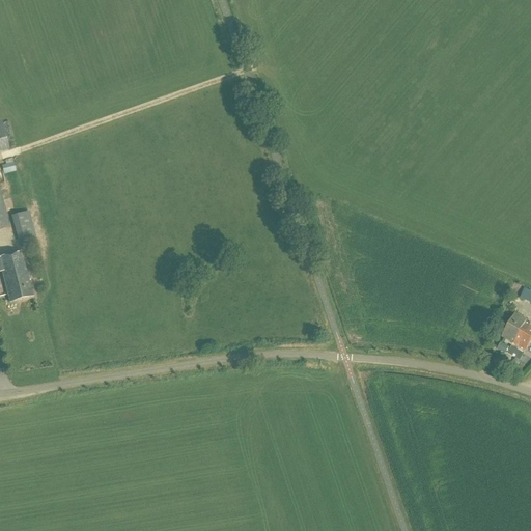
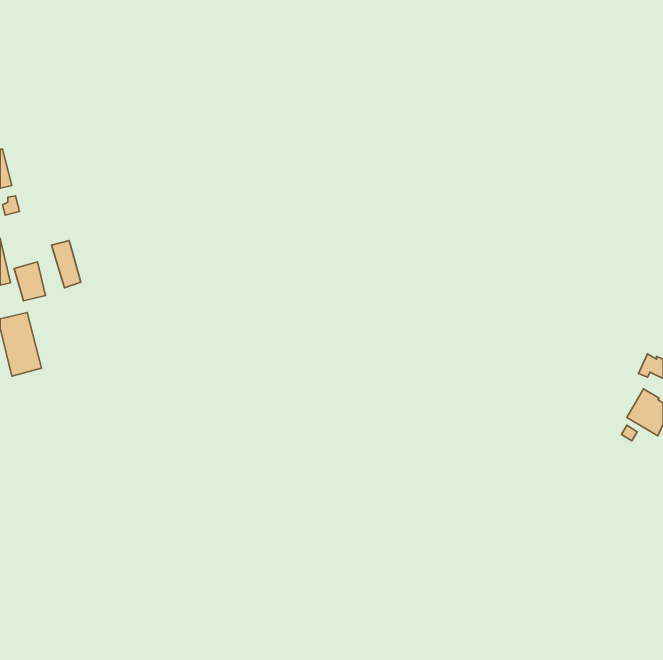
building: none -> [52,240,81,288]

